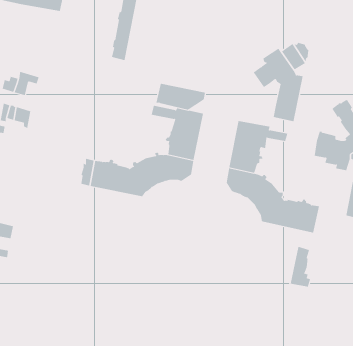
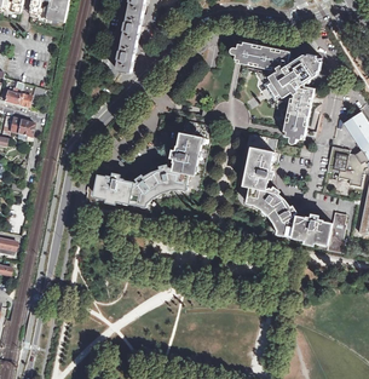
building: [155,83,206,110] -> [238,41,290,69]
building: [290,246,311,287] -> [325,211,347,253]

